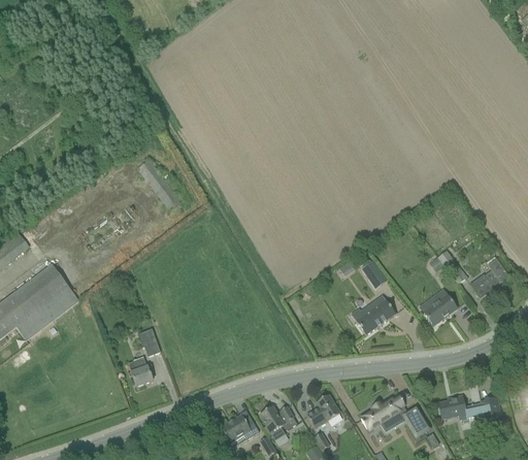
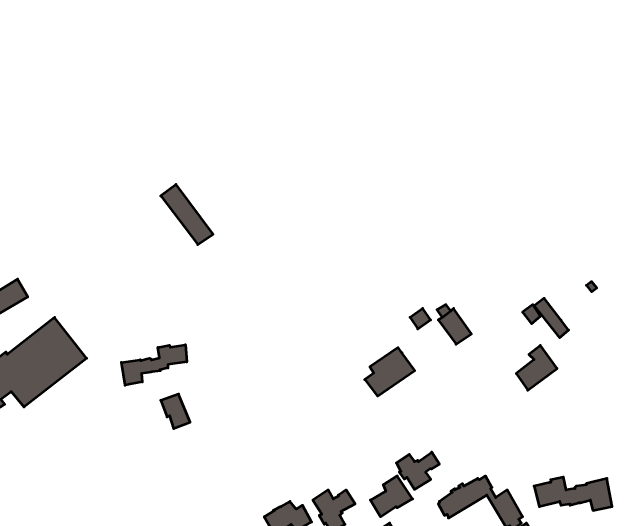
building: [470,258,508,297] -> none
building: none -> [121,345,187,385]
building: [356,295,396,334] -> [365,348,415,396]
building: [128,356,153,386] -> none
building: none -> [396,452,439,489]

